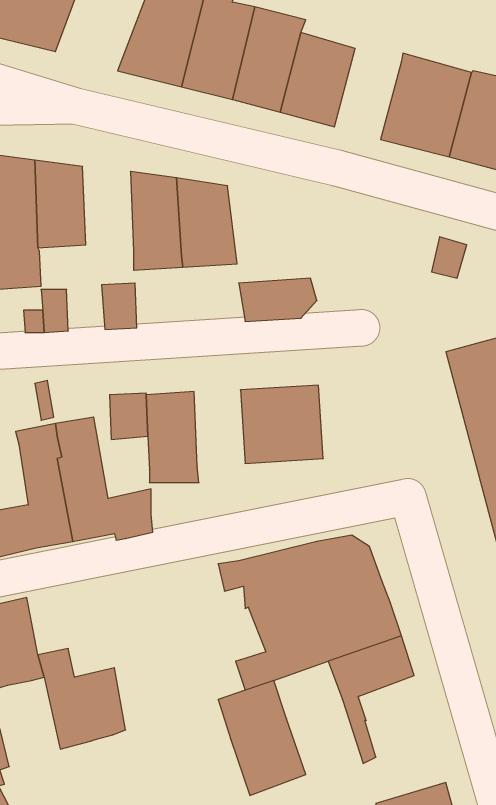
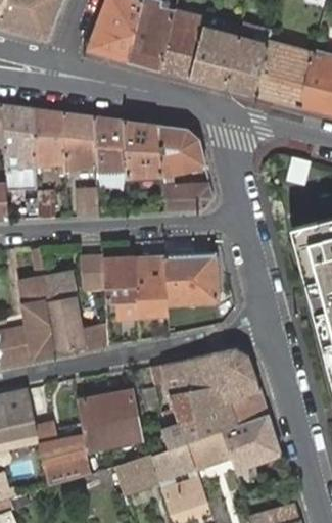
building: none -> [225,27,270,95]
building: none -> [63,112,96,169]
building: none -> [156,125,205,175]
building: none -> [135,255,168,315]
building: none -> [77,390,142,448]
building: none -> [186,429,230,466]
building: none -> [115,454,158,490]

